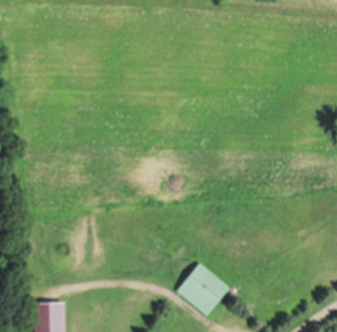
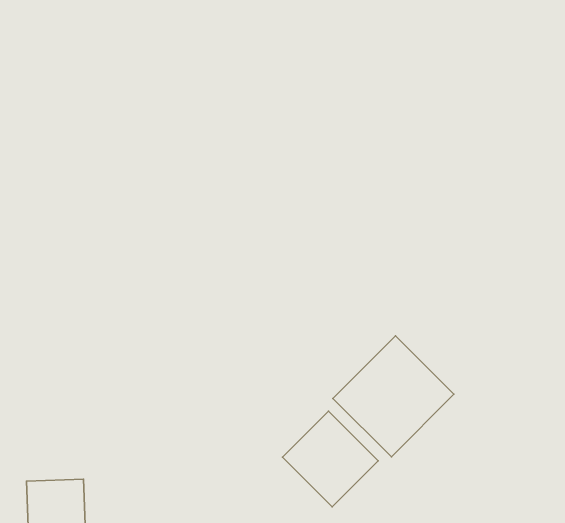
building: none -> [333,336,454,457]

